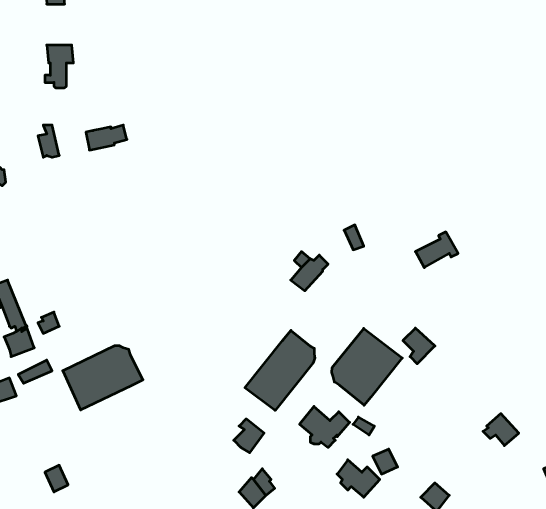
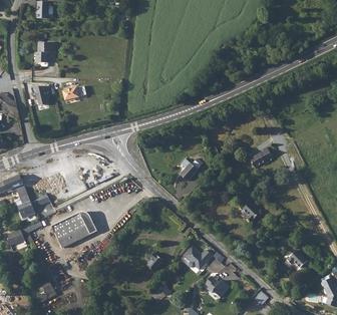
building: [332,328,402,405] -> none
building: [245,330,315,410] -> none

